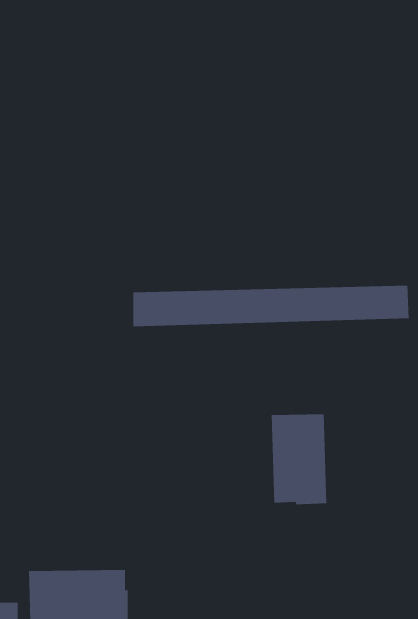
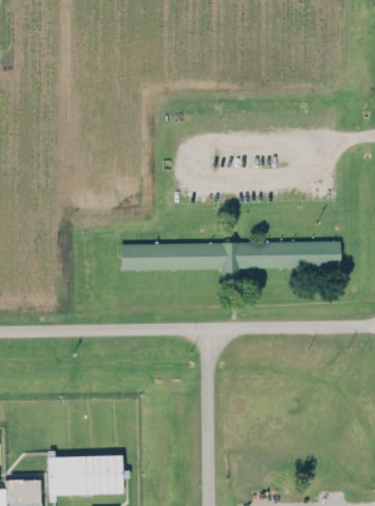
building: [271,413,327,505] -> none

